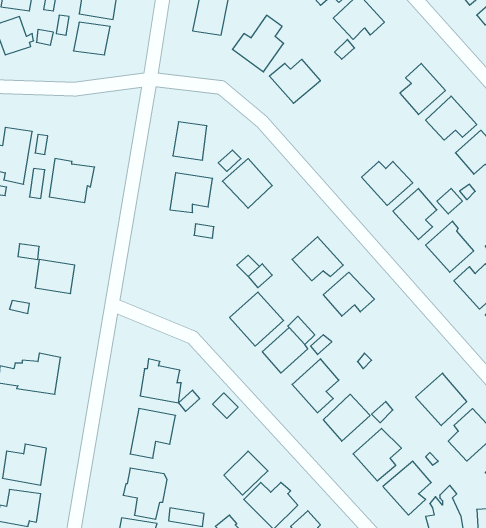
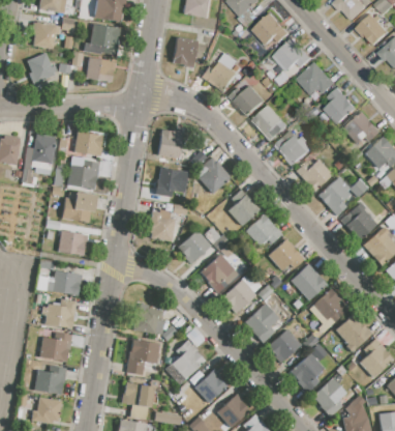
building: none -> [296,61,334,94]
building: none -> [251,105,286,141]
building: none -> [72,130,102,156]
building: none -> [273,130,313,166]
building: none -> [226,189,259,226]
building: none -> [61,192,95,222]
building: none -> [147,209,174,241]
building: none -> [177,228,210,263]
building: none -> [290,263,327,300]
building: none -> [43,269,81,295]
building: none -> [311,288,348,320]
building: none -> [38,333,70,361]
building: none -> [164,340,204,384]

